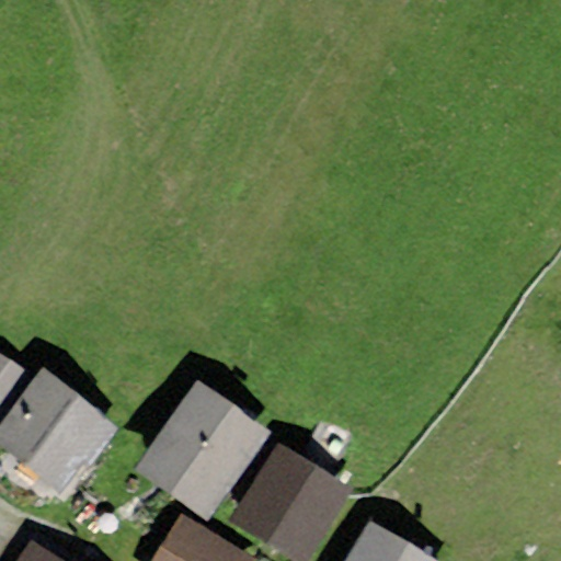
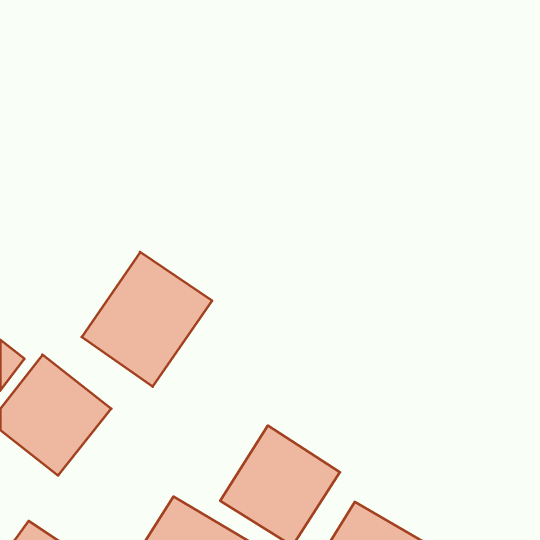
building: [135,381,270,520] -> [82,252,212,387]

